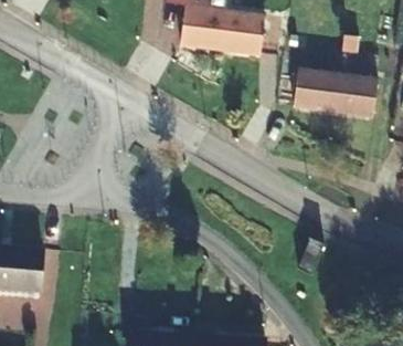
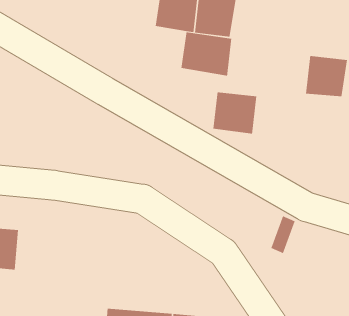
building: none -> [181,32,232,77]
building: [294,70,339,113] -> [213,92,257,134]

